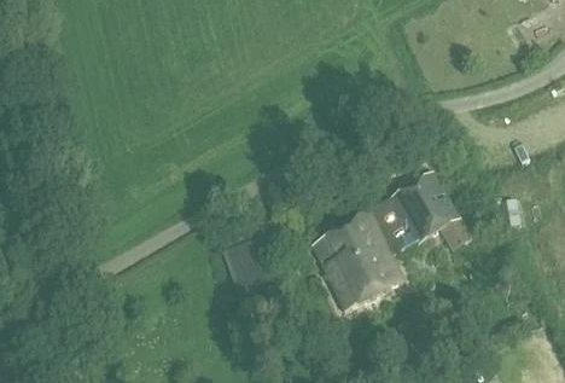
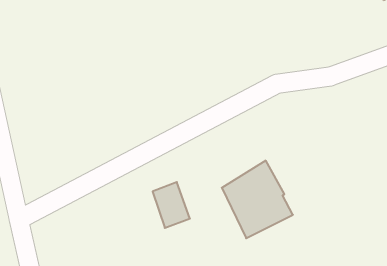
building: [368,170,472,253] -> none

